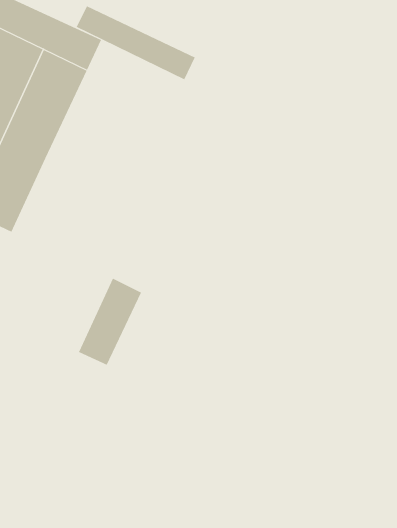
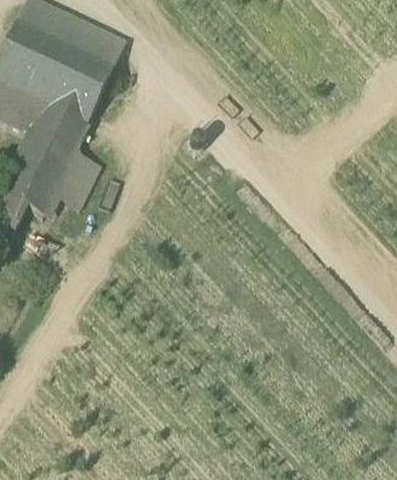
building: [76,5,195,80] -> none
building: [78,278,142,366] -> [43,144,101,224]

